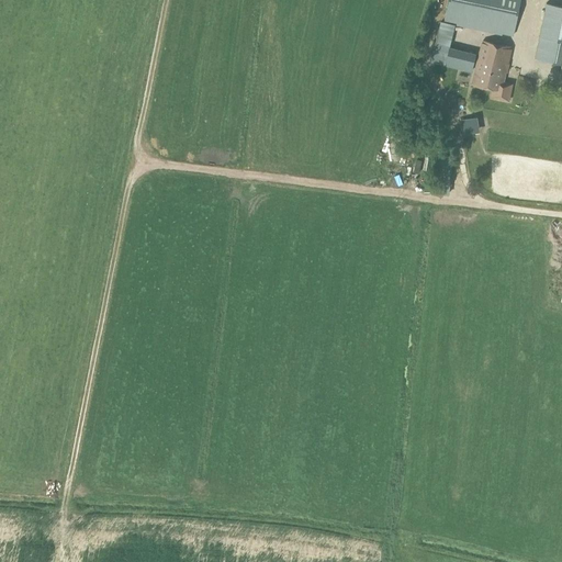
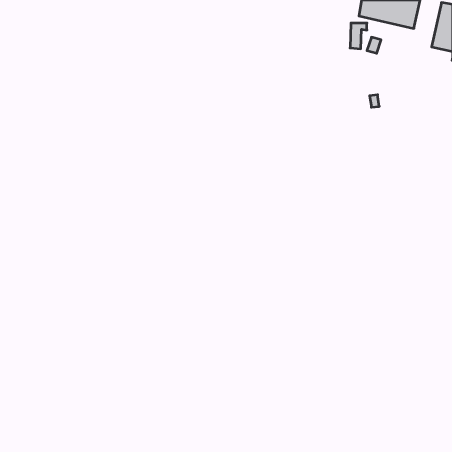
building: [473,42,513,91] -> none

